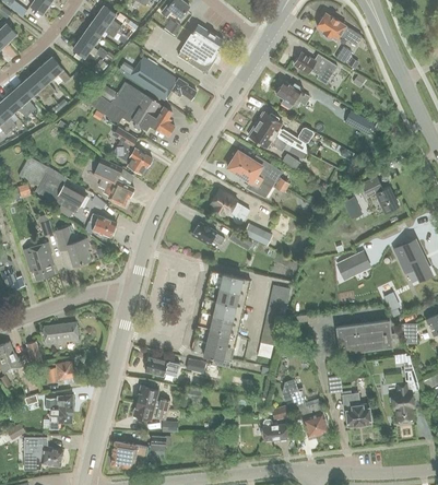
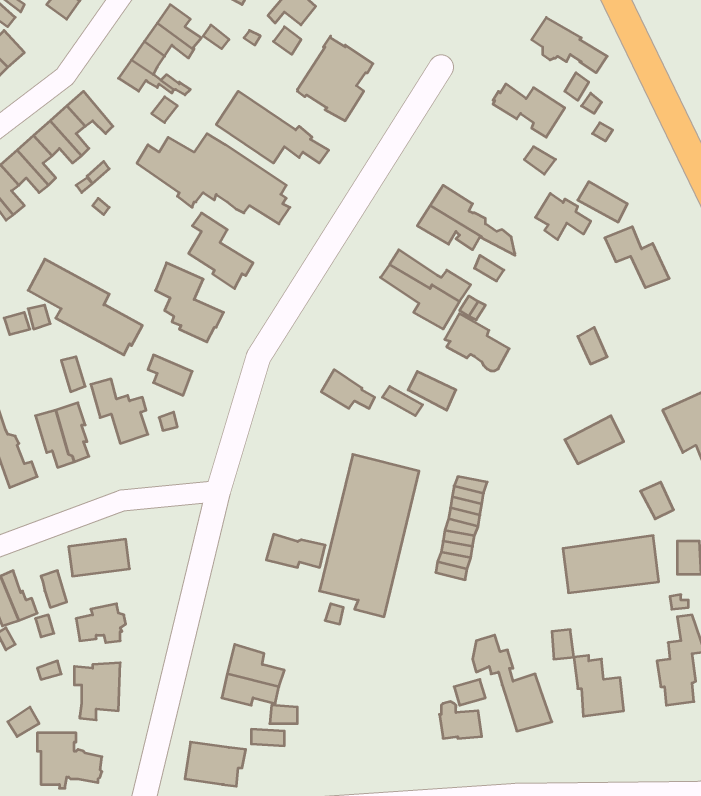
building: [276,81,309,108] -> [535,193,591,240]
building: [360,176,399,212] -> [605,227,669,288]
building: [211,189,249,223] -> [445,314,509,371]
building: [144,356,179,376] -> [266,534,325,567]

